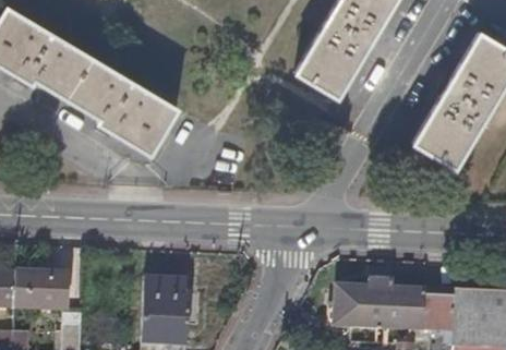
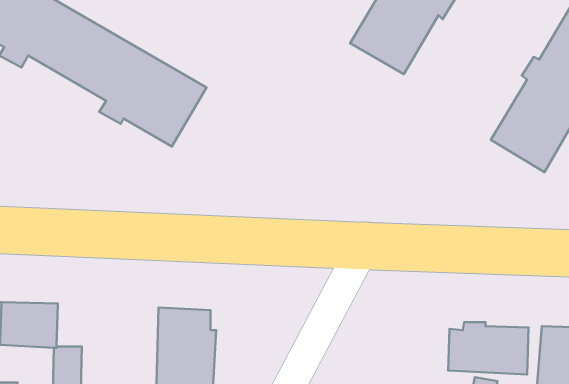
building: [333,288,377,329] -> none

